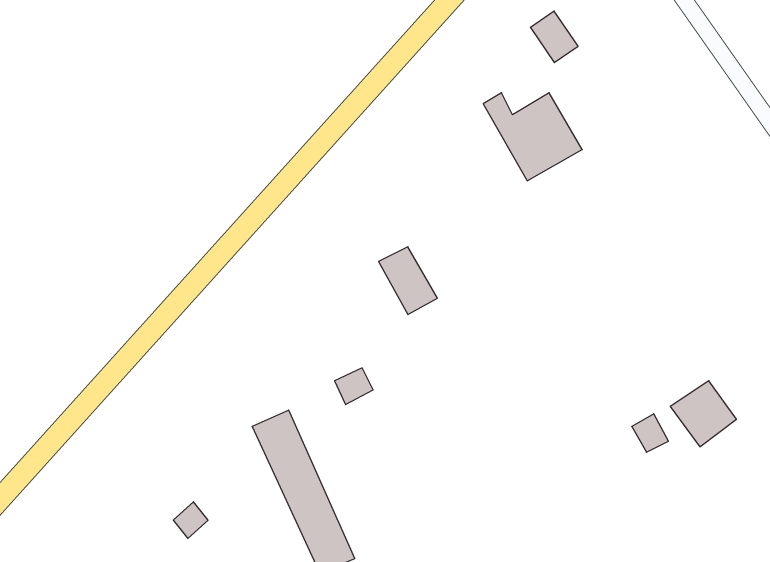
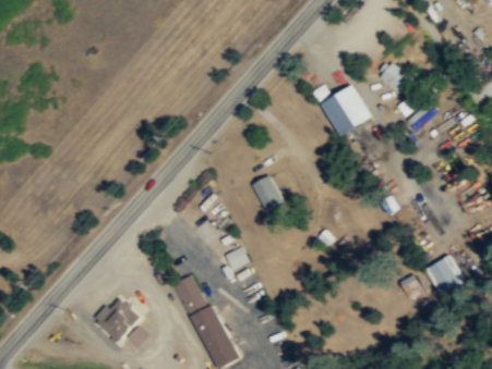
building: [530,11,578,63] -> [379,61,407,91]
building: none -> [94,296,141,343]

